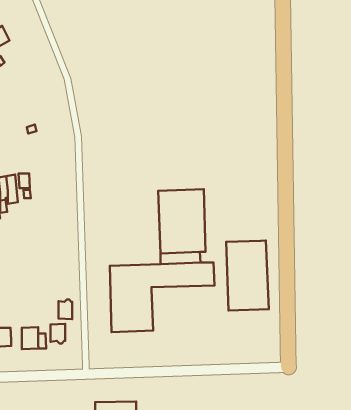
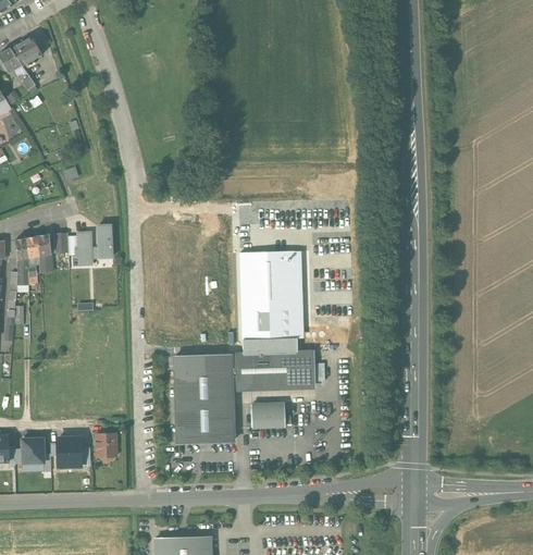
building: none -> [75,225,111,266]
building: [226,241,269,311] -> none
building: [59,299,72,319] -> none
building: none -> [251,404,285,428]

